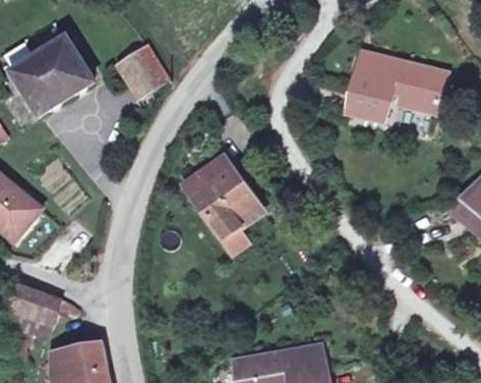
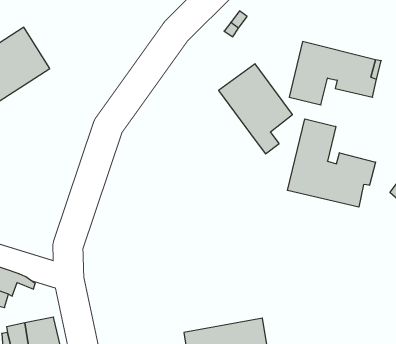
building: [117,44,169,97] -> none
building: none -> [287,119,376,207]
building: [185,156,263,252] -> [219,64,292,154]

